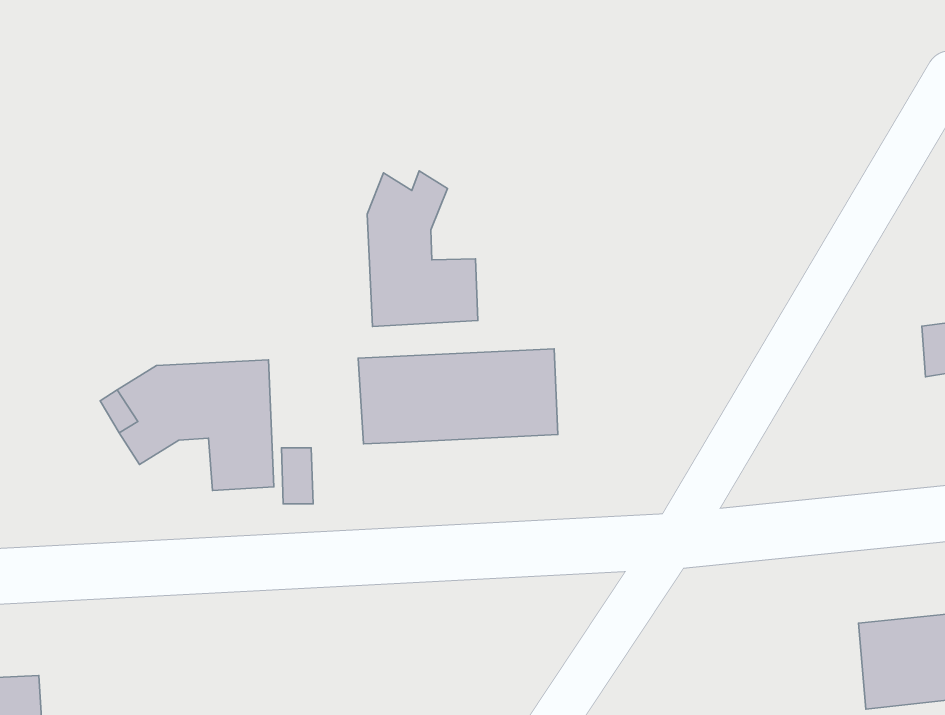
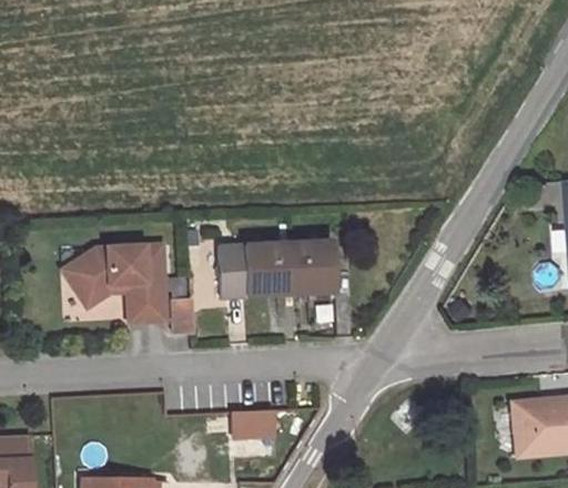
building: [367,171,478,326] -> none
building: none -> [231,409,271,436]

